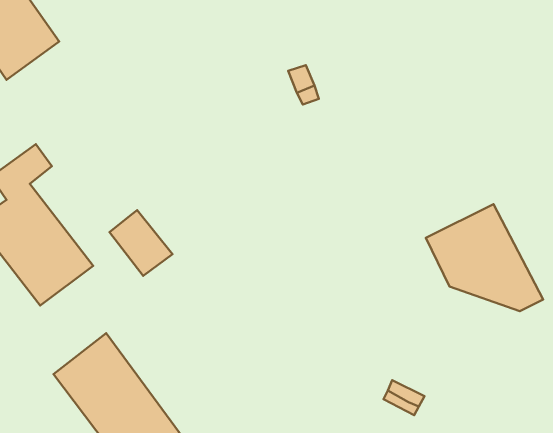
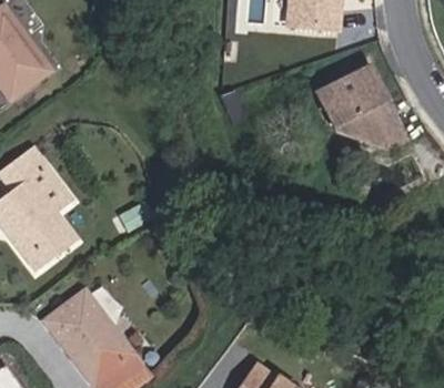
building: [426,204,543,311] -> [319,64,407,145]
building: [109,210,173,276] -> [27,162,74,212]

